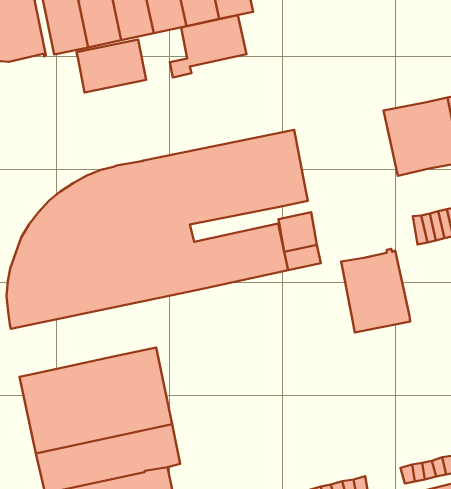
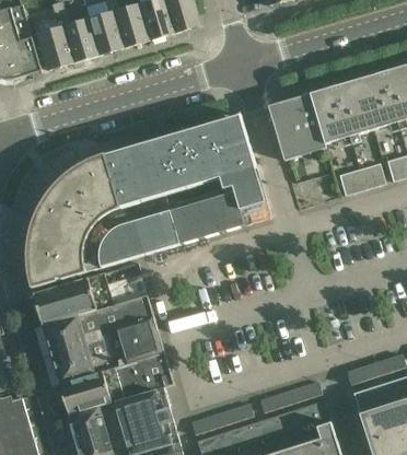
building: [170,15,246,78] -> none
building: [76,39,146,92] -> none
building: [341,249,410,333] -> [267,92,325,160]
building: none -> [32,272,113,325]

